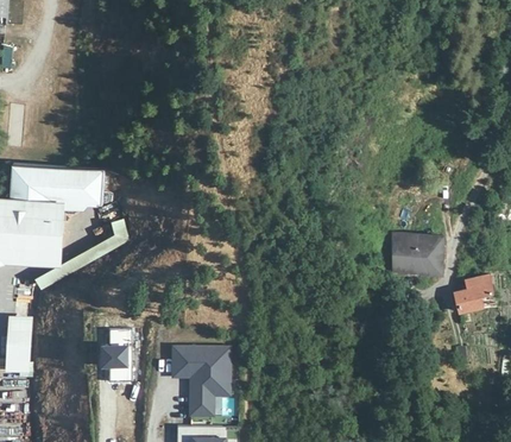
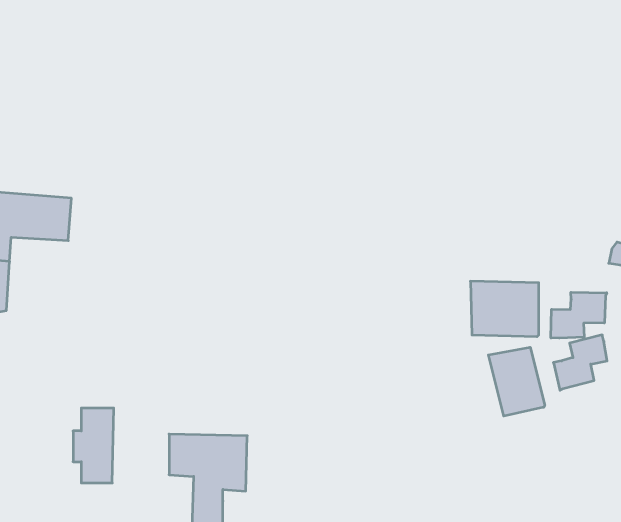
building: none -> [551,292,607,338]
building: none -> [488,347,545,416]

